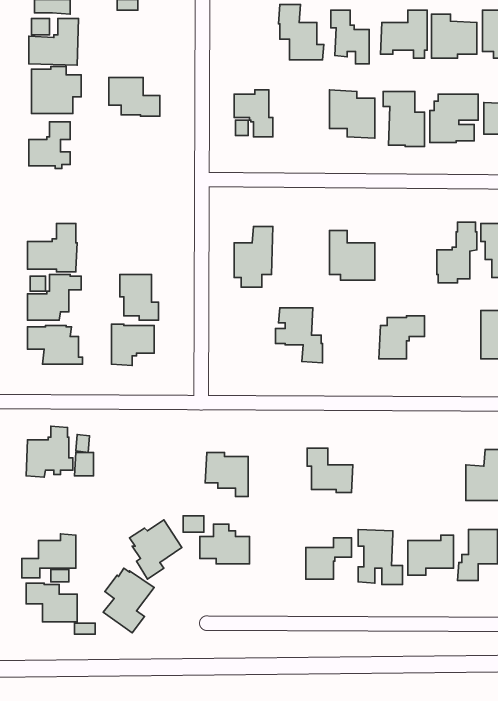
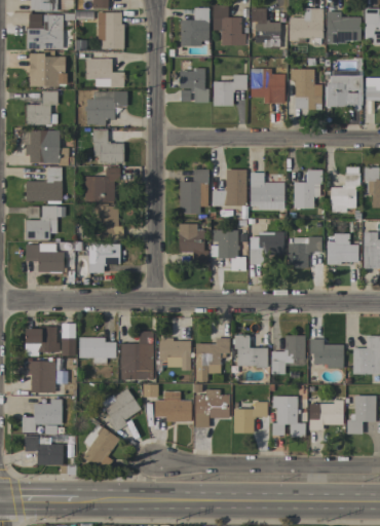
building: none -> [181,8,210,46]
building: none -> [98,12,124,49]
building: none -> [213,74,248,106]
building: none -> [84,91,127,125]
building: none -> [92,129,124,163]
building: none -> [26,130,74,165]
building: none -> [85,167,120,201]
building: none -> [212,170,246,205]
building: none -> [294,171,322,209]
building: none -> [179,224,208,264]
building: none -> [250,231,283,265]
building: none -> [327,233,357,265]
building: none -> [121,331,155,383]
building: none -> [271,335,305,376]
building: none -> [79,337,116,363]
building: none -> [195,338,229,380]
building: none -> [309,338,343,369]
building: none -> [28,361,55,392]
building: none -> [195,389,229,427]

